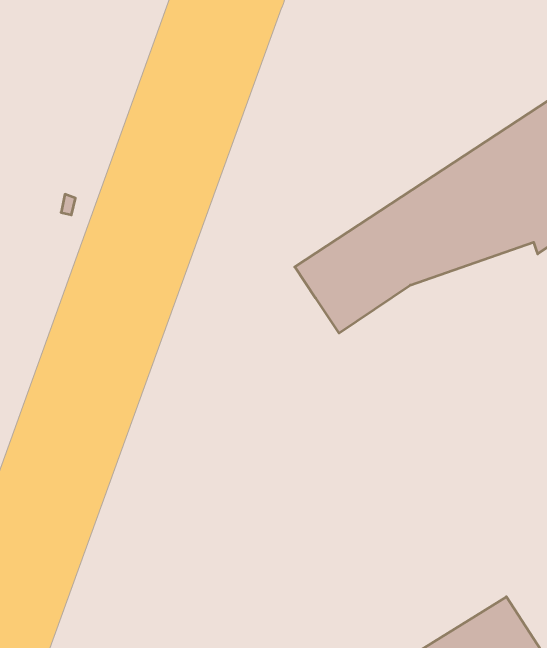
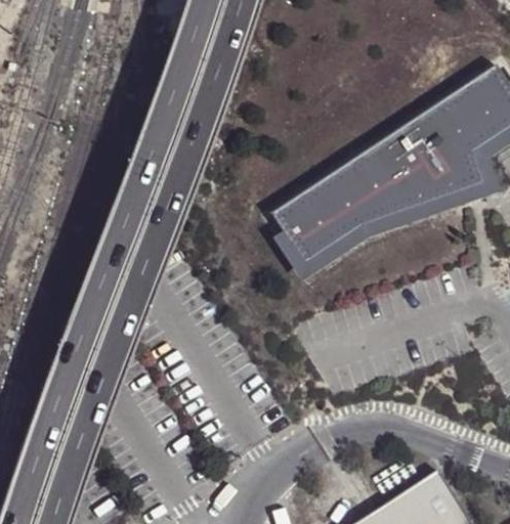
building: none -> [281,195,461,276]

